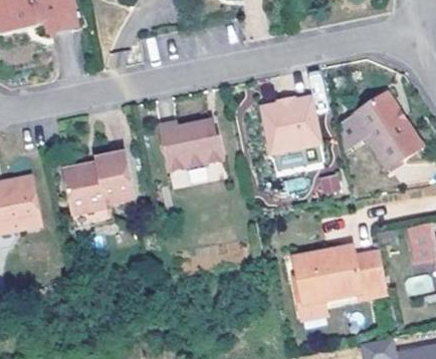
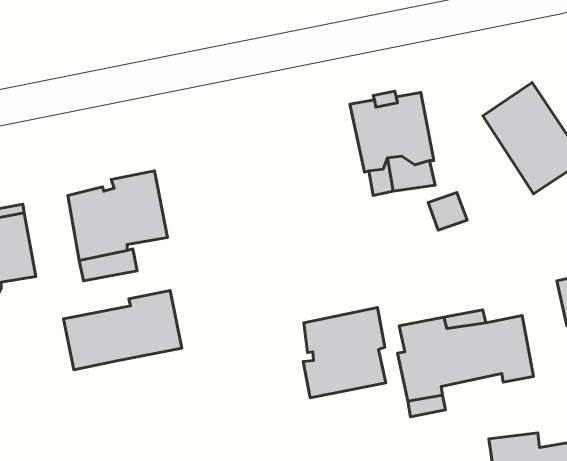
building: [159,120,224,170] -> none
building: none -> [64,290,182,370]
building: none -> [303,307,386,398]

